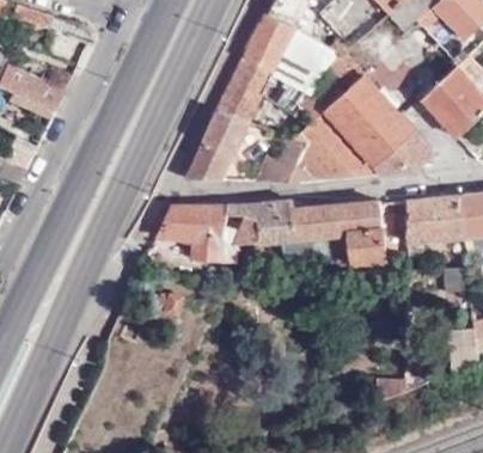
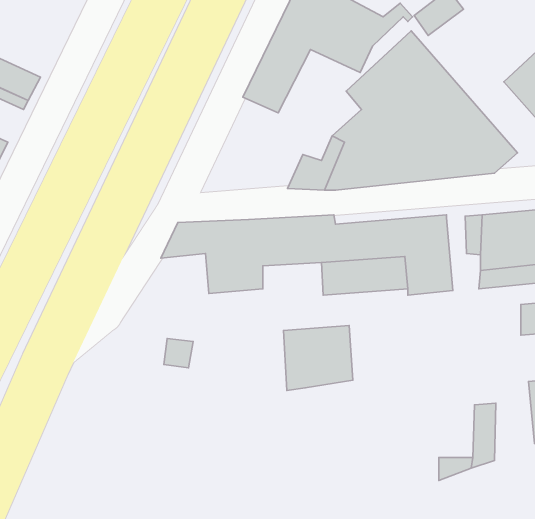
building: [183,109,246,179] -> none
building: none -> [284,326,353,390]

